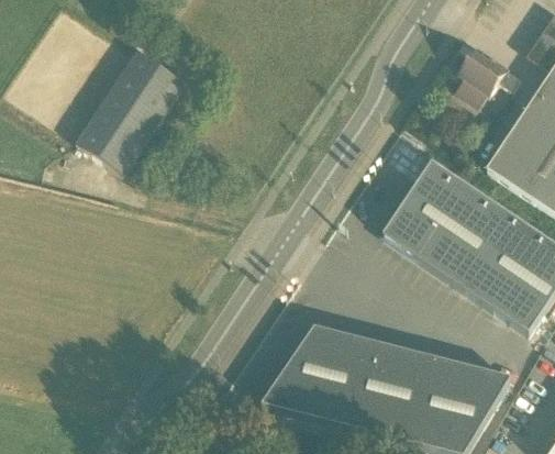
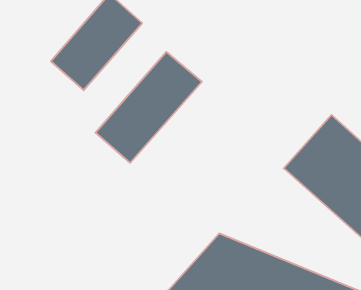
building: none -> [96,52,202,163]

